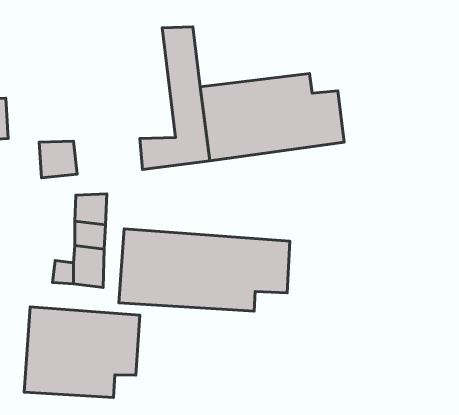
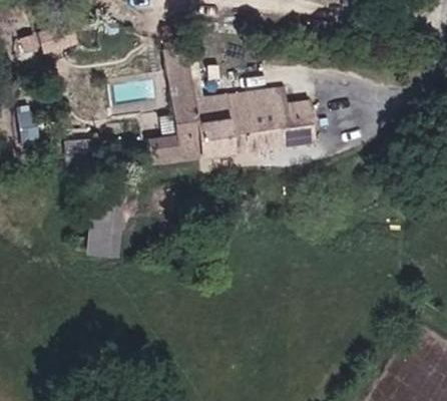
building: [119,229,290,311] -> none
building: [24,307,140,397] -> none

